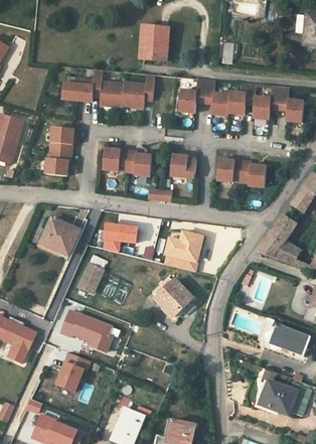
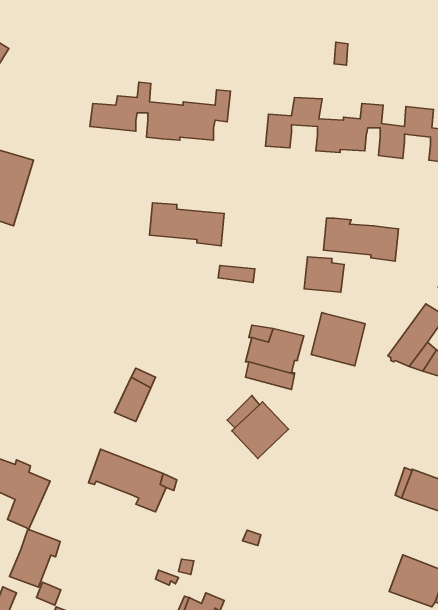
building: [143,25,168,59] -> none
building: [45,126,72,175] -> none
building: [168,154,194,177] -> [304,257,344,292]
building: [40,216,78,255] -> none
building: none -> [311,313,365,366]
building: [103,223,136,252] -> none
building: [55,352,89,391] -> [10,529,60,587]

